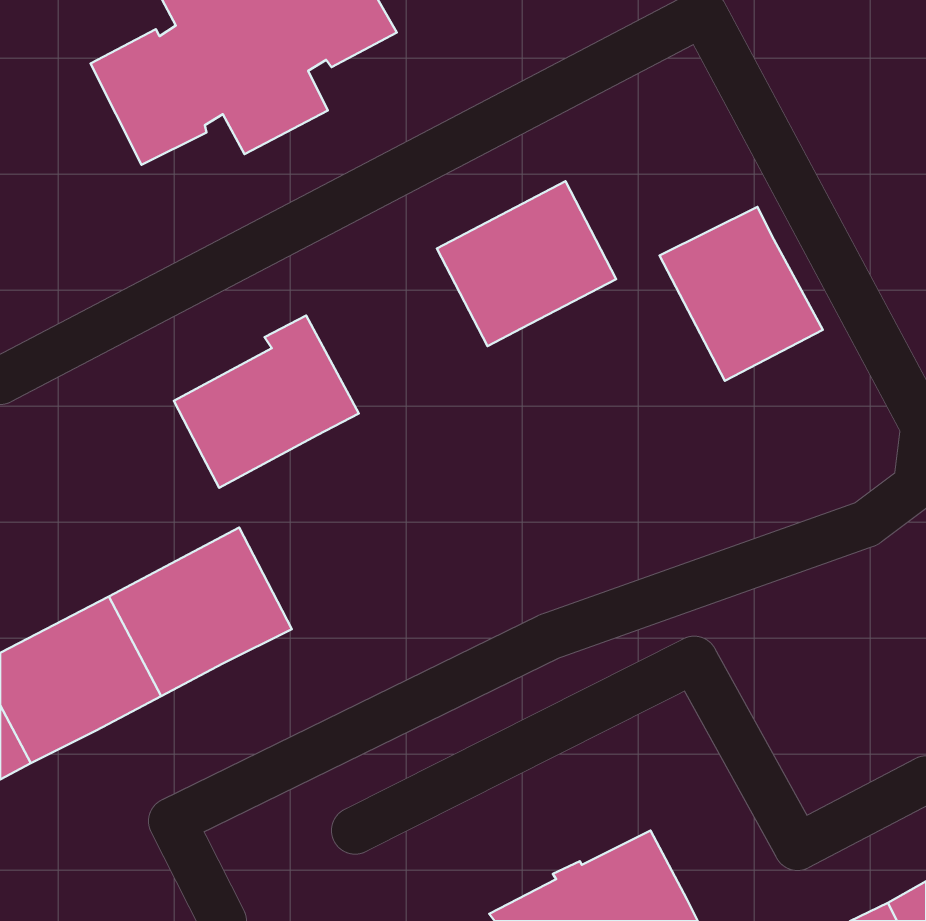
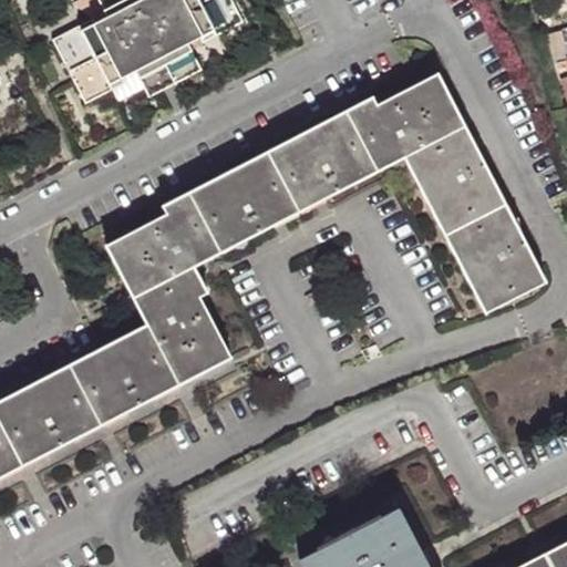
building: none -> [346,74,463,171]
building: none -> [187,152,298,252]
building: none -> [443,202,544,312]
building: none -> [134,266,231,384]

